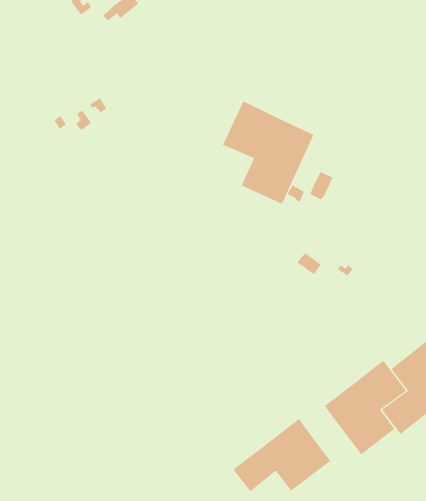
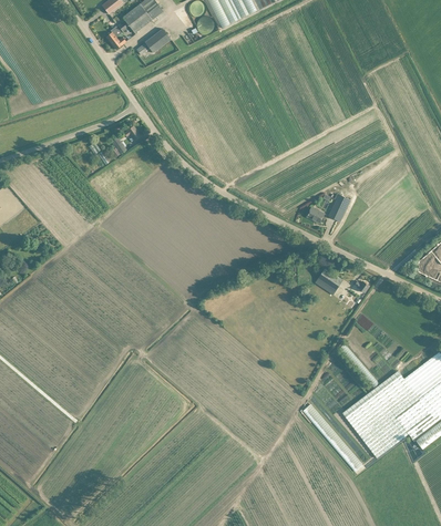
building: [222,100,314,205] -> none
building: [232,418,331,492] -> none

